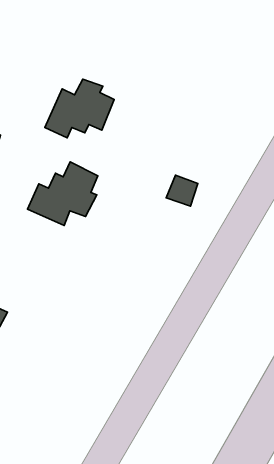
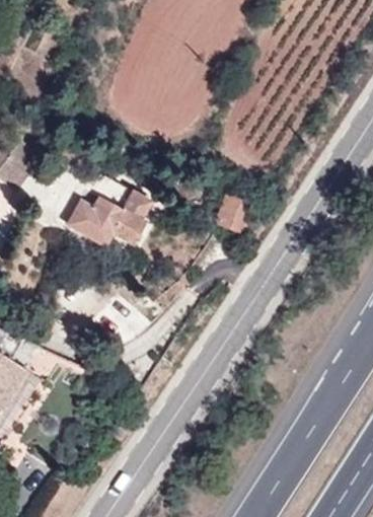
building: [45,79,114,138] -> none

